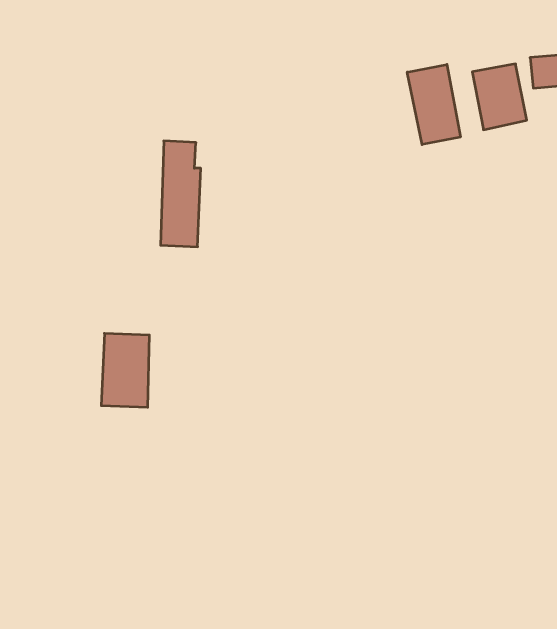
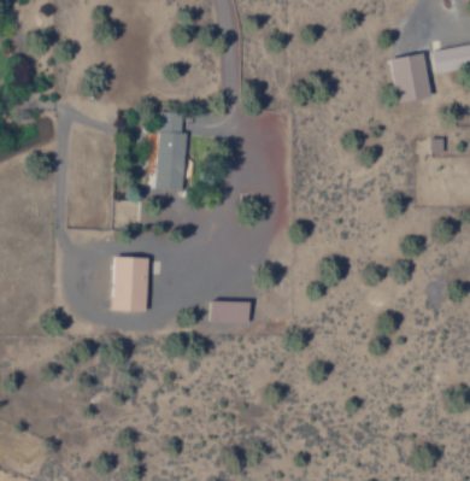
building: [407,64,460,145] -> none
building: none -> [210,300,248,323]

